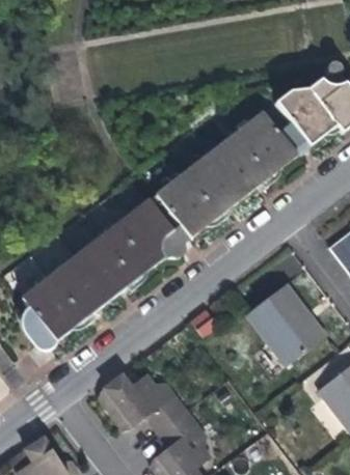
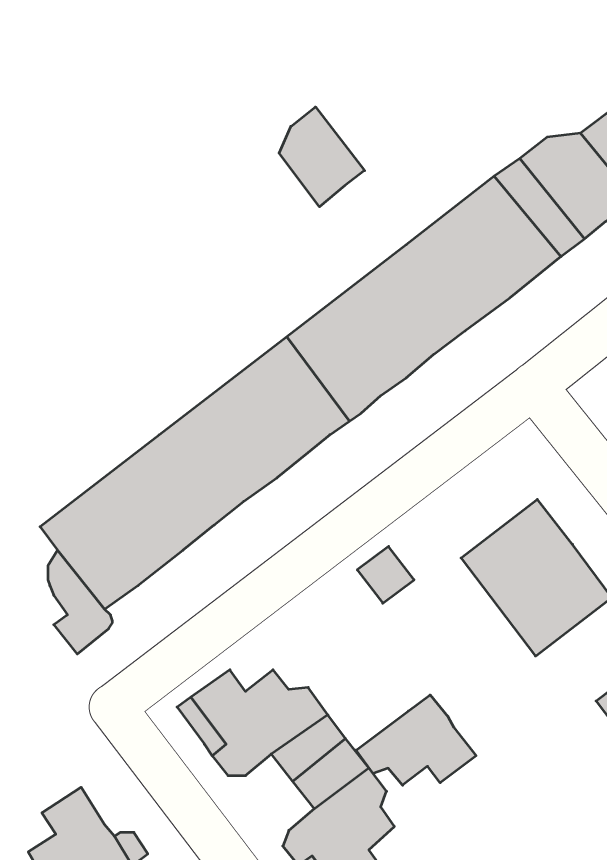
building: none -> [279,107,365,207]
building: none -> [356,695,476,785]

